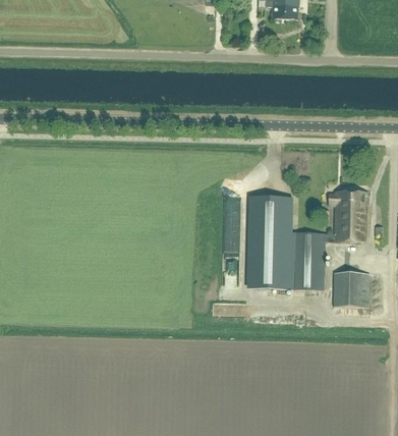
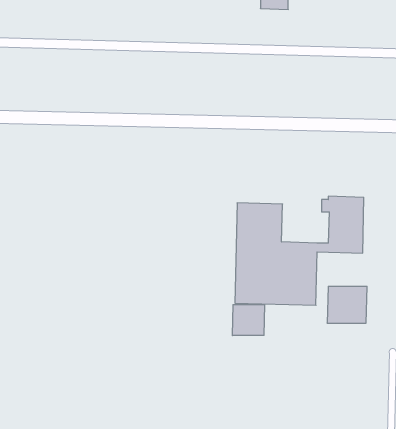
building: none -> [232,304,265,336]

